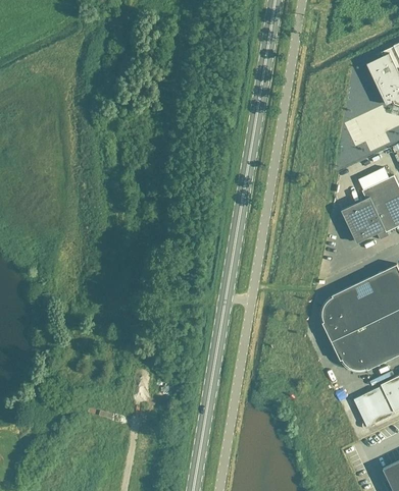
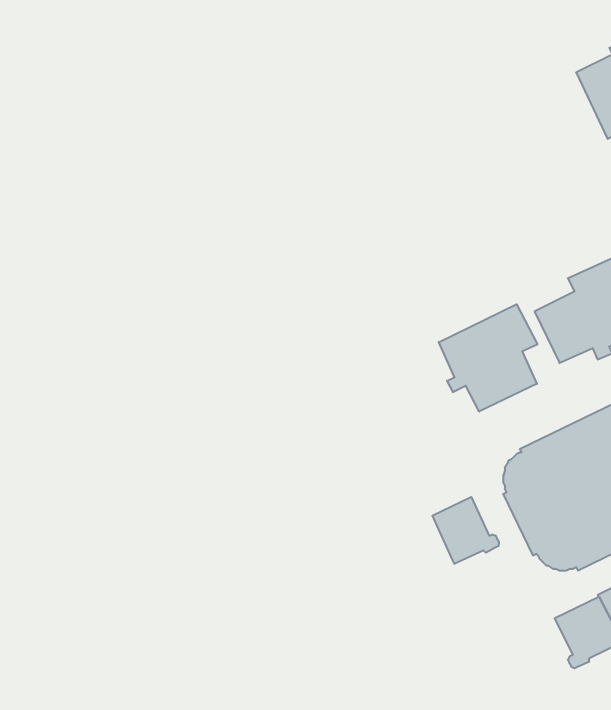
building: none -> [439,304,537,412]
building: none -> [432,497,499,564]

